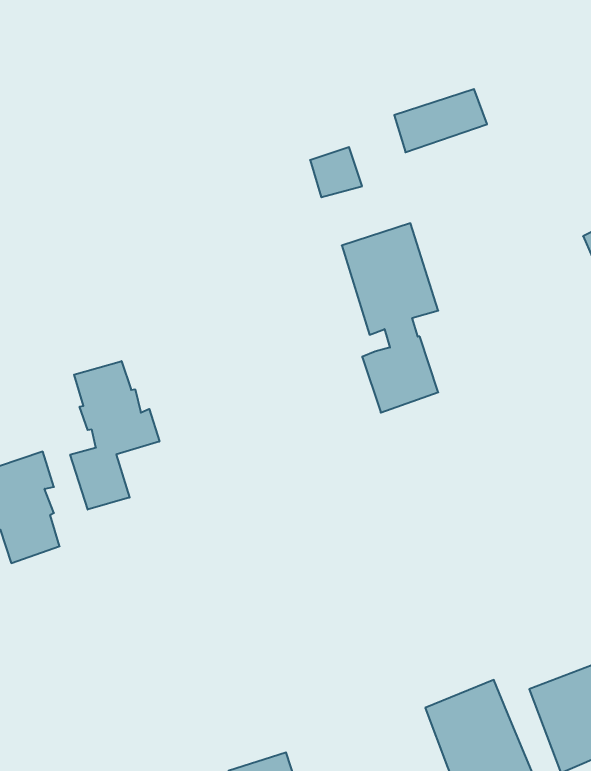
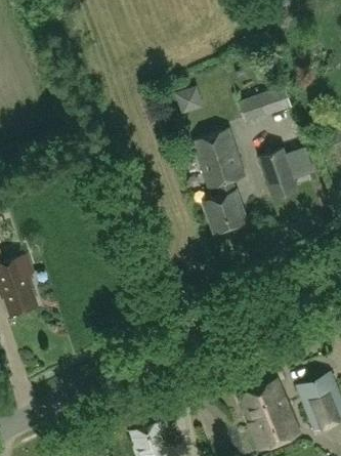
building: [394,89,487,152] -> [240,87,291,122]
building: none -> [258,147,314,198]
building: [70,361,159,510] -> none

